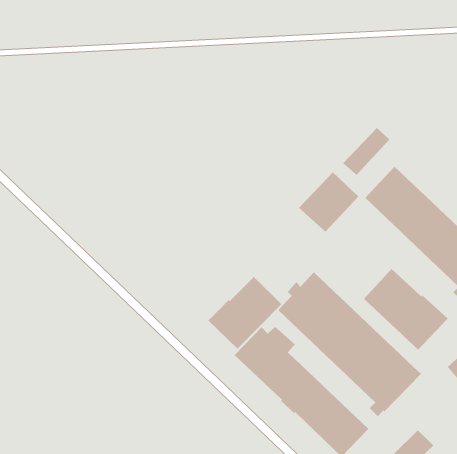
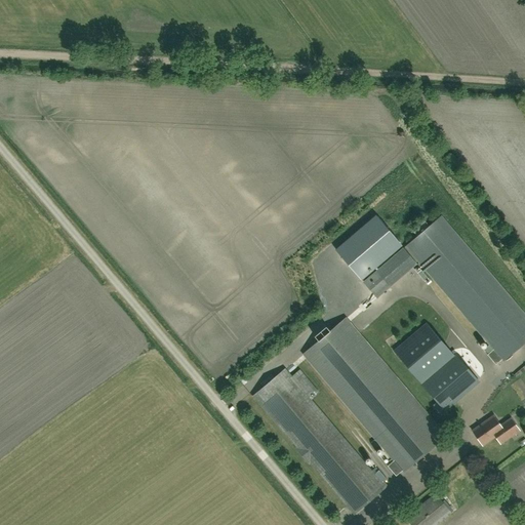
building: [342,127,390,176] -> [364,248,416,296]
building: [207,276,282,350] -> none

